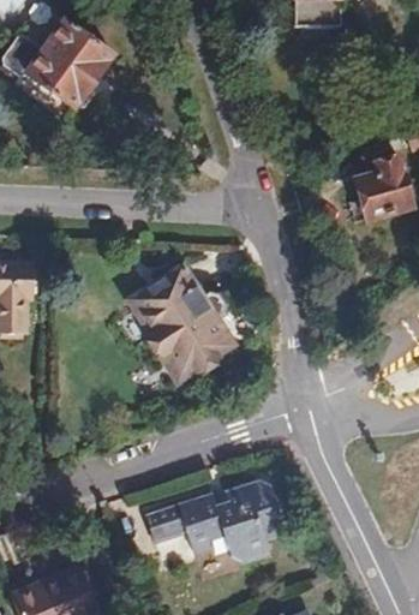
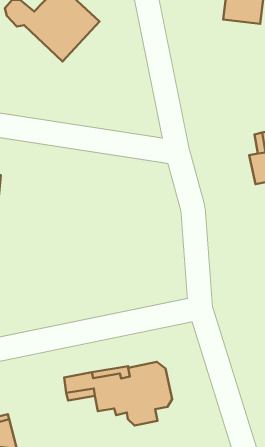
building: [125,265,232,383] -> none

